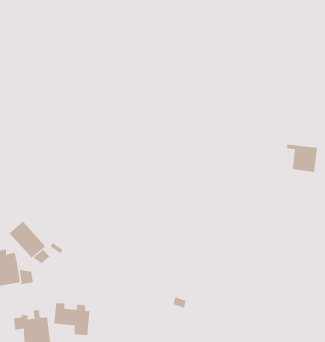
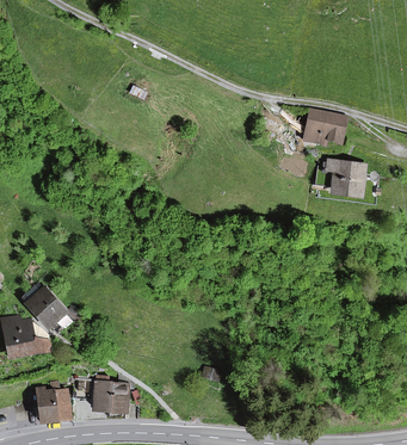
building: none -> [304,110,345,144]
building: [287,144,318,172] -> [328,163,363,194]
building: none -> [111,373,134,412]

